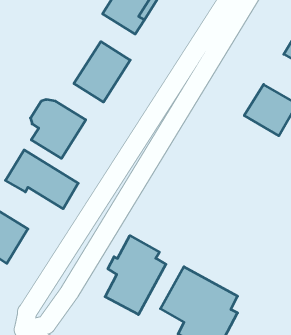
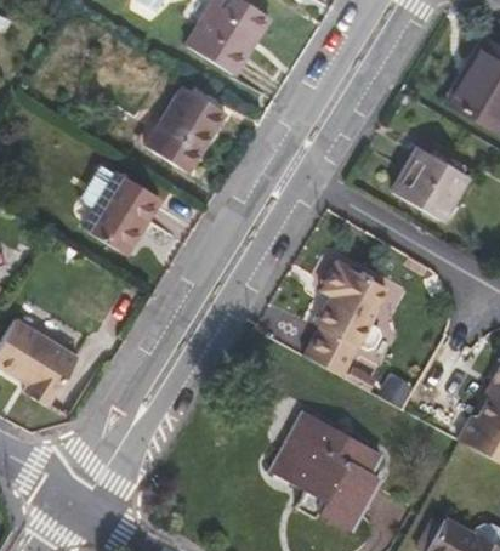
building: [5,150,78,209] -> none
building: none -> [305,260,387,375]
building: [105,236,166,315] -> none

